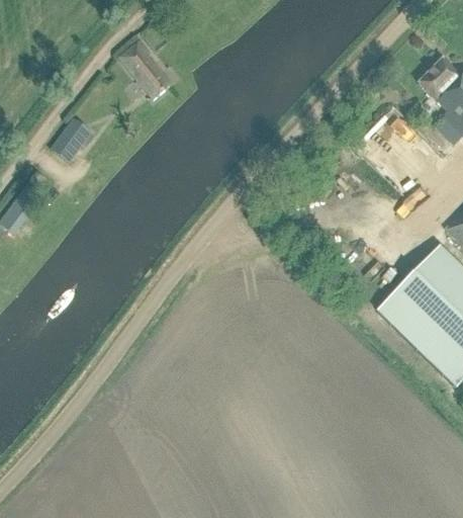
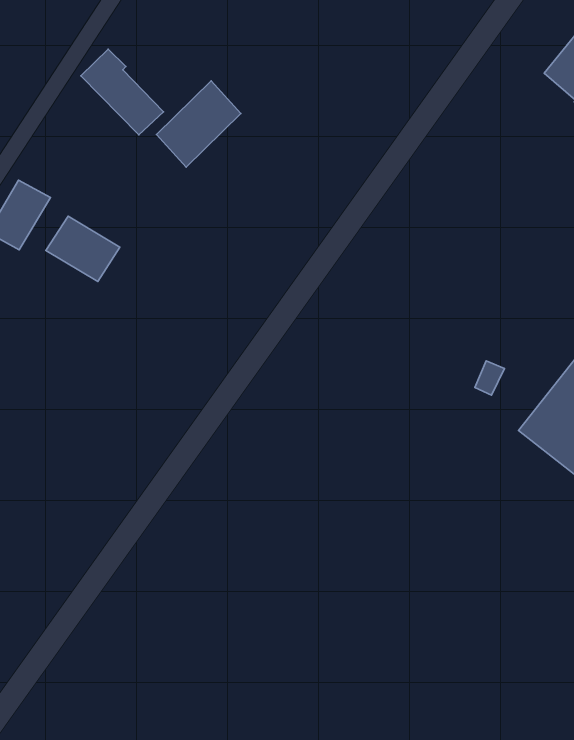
building: none -> [156,81,241,167]
building: none -> [46,216,120,281]

